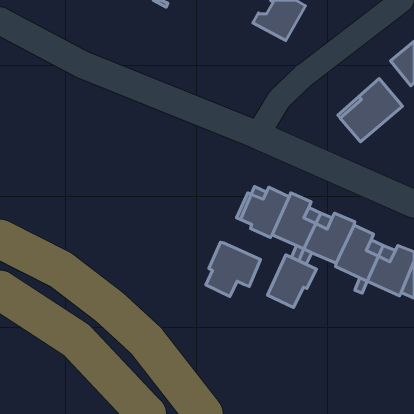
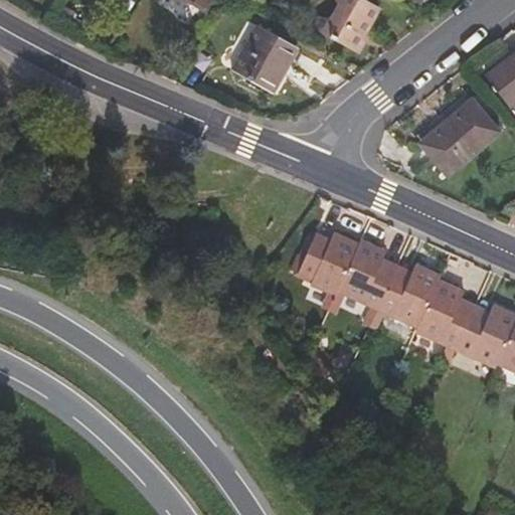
building: none -> [233,26,297,92]
building: [206,242,261,297] -> none
building: [267,255,316,307] -> none

